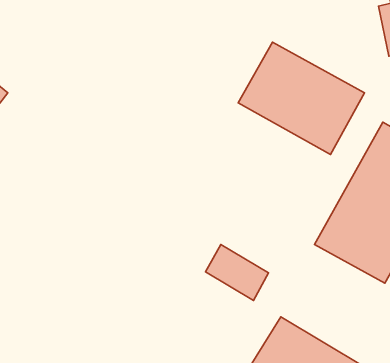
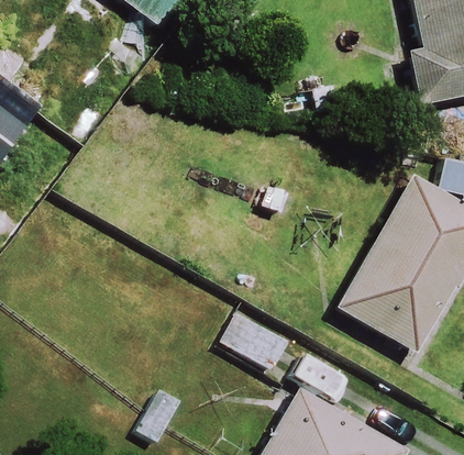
building: [238,42,364,154] -> none

